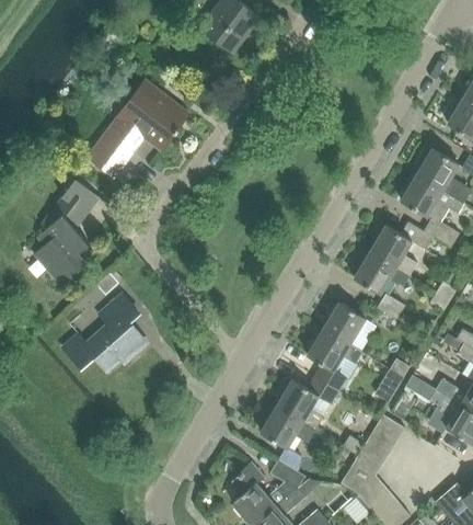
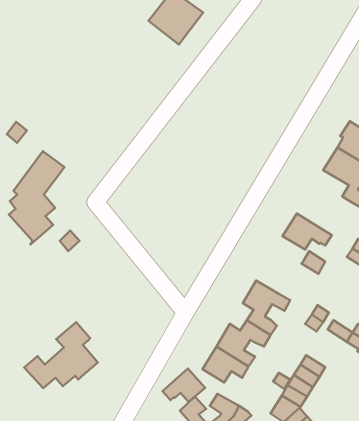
building: [88,79,188,176] -> none
building: [370,220,434,275] -> none
building: [61,295,147,372] -> [24,322,98,388]
building: [323,301,365,343] -> none
building: none -> [162,368,205,402]

